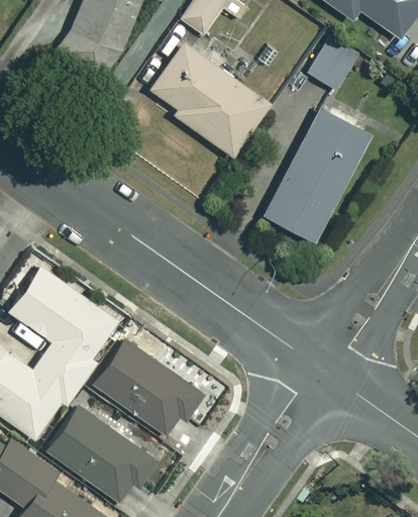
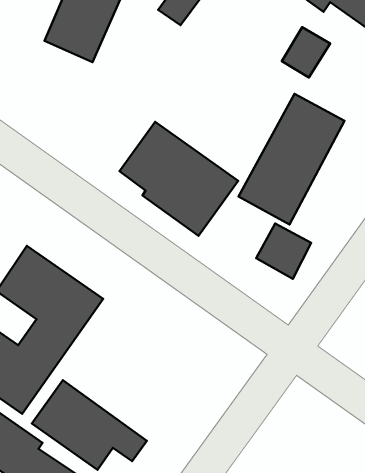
building: [149,38,274,158] -> [119,122,238,236]
building: none -> [256,223,311,279]
building: [94,341,204,434] -> none

